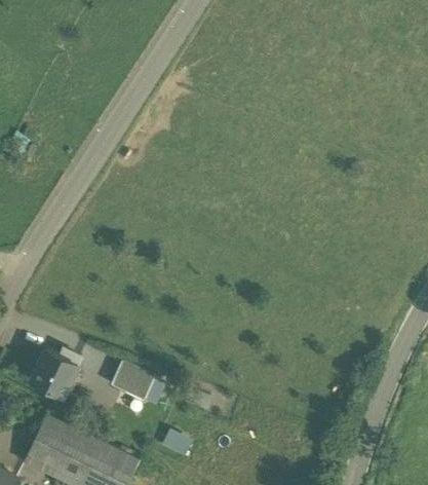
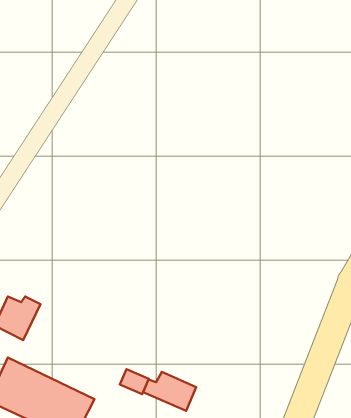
building: [111,360,157,404] -> none
building: none -> [143,372,196,411]

